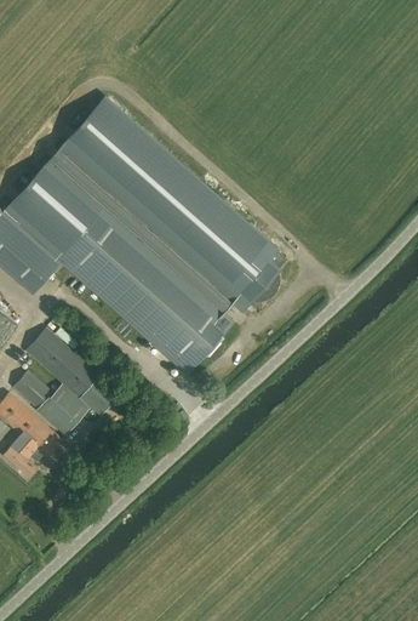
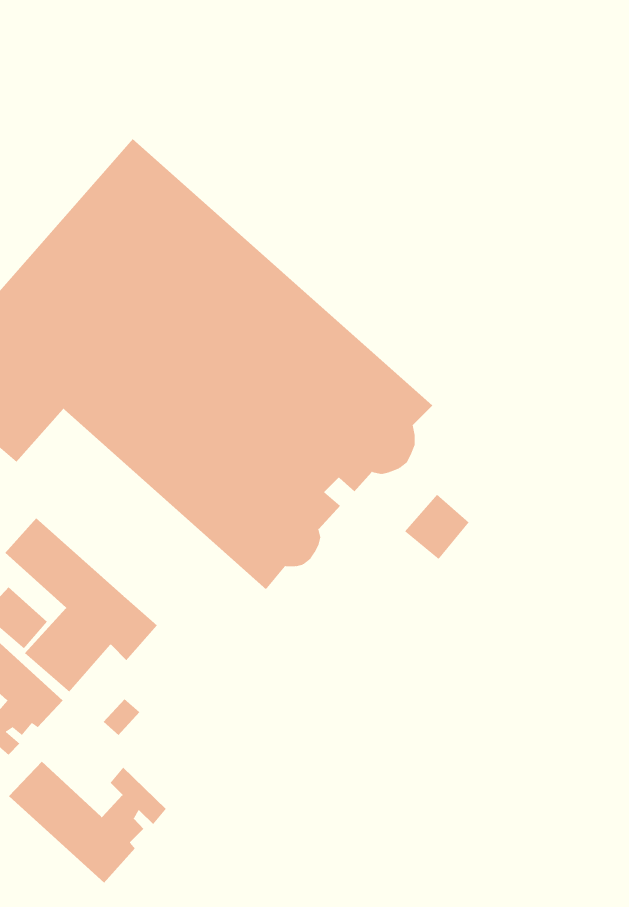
building: none -> [404,494,470,560]
building: none -> [8,761,167,884]

